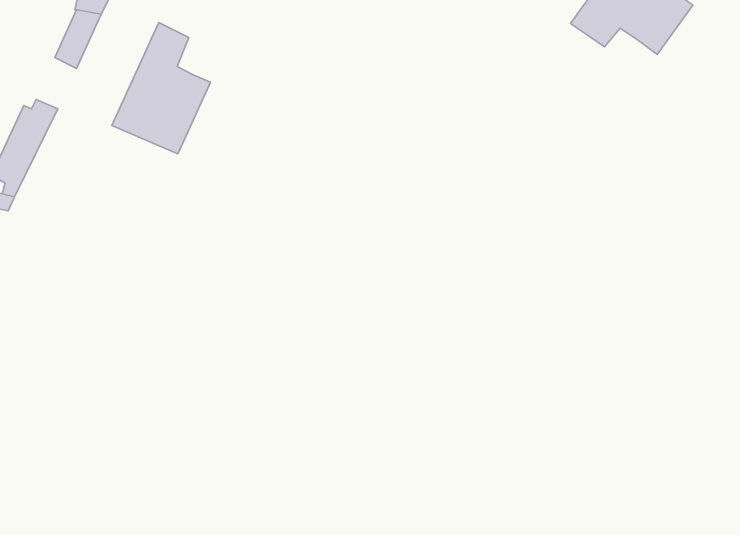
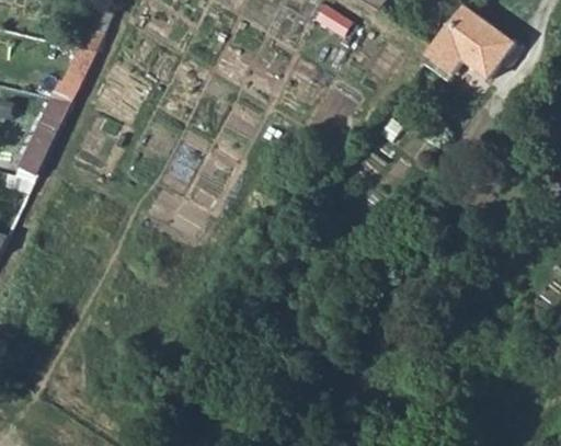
building: [112,23,211,154] -> none

